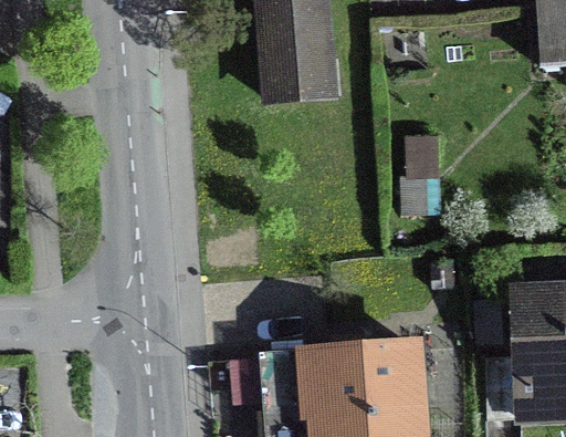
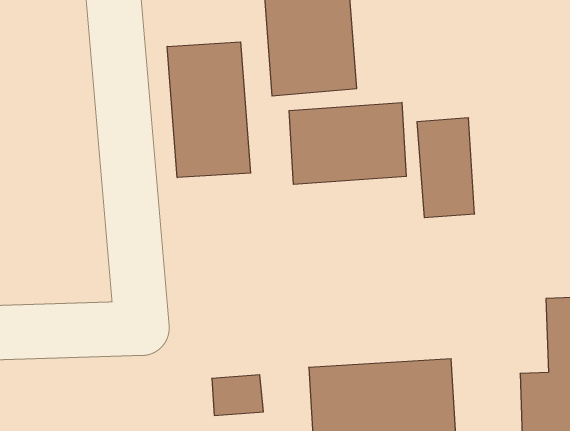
building: none -> [167,42,250,178]
building: none -> [289,102,406,184]

